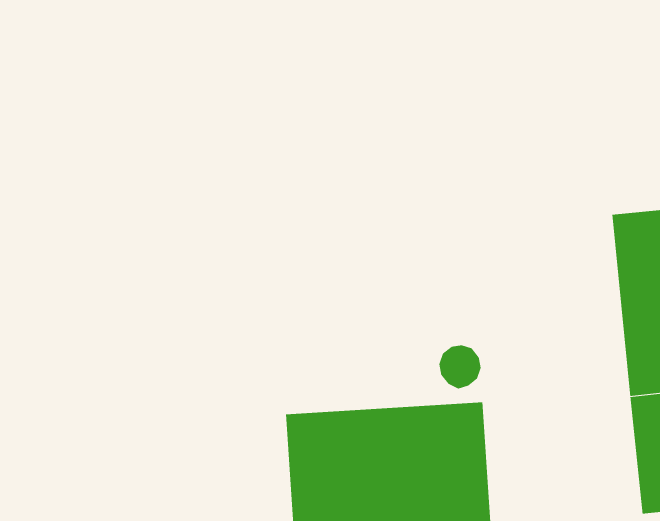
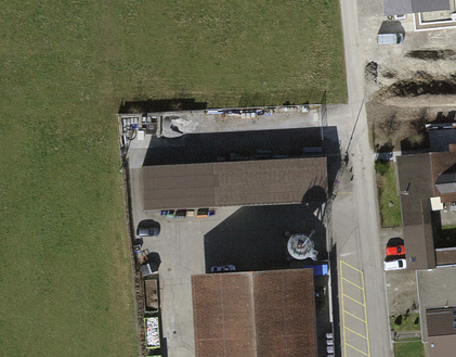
building: none -> [148,156,331,209]

